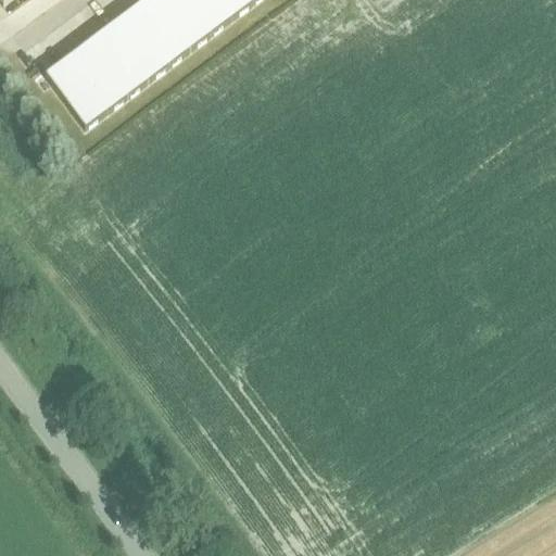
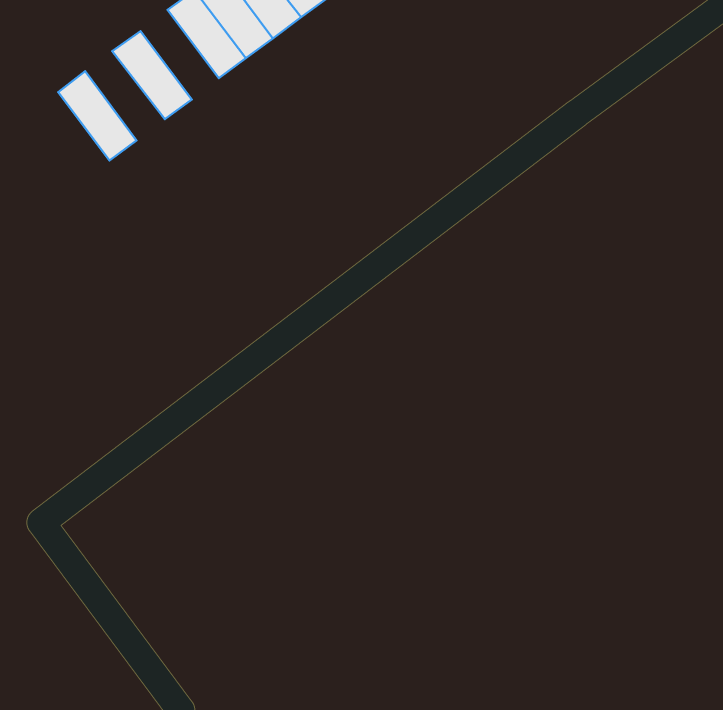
building: [110,8,169,76] -> none
building: [67,39,128,108] -> none

